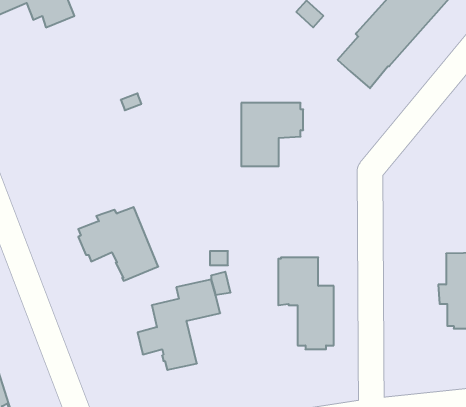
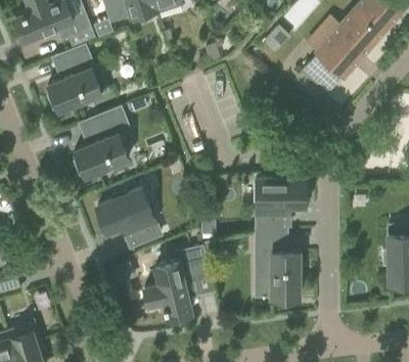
building: none -> [46,46,106,112]
building: [241,103,303,166] -> [257,180,306,230]
building: none -> [73,108,129,178]

